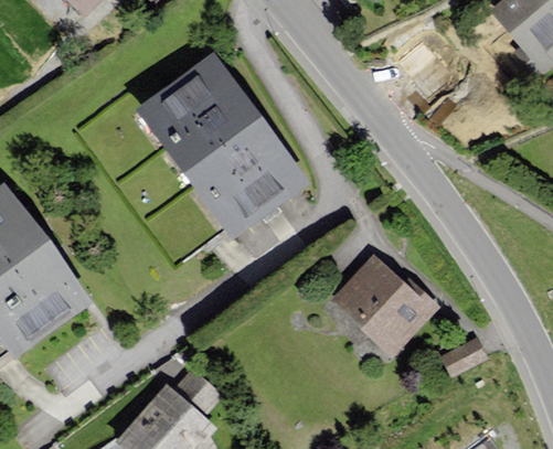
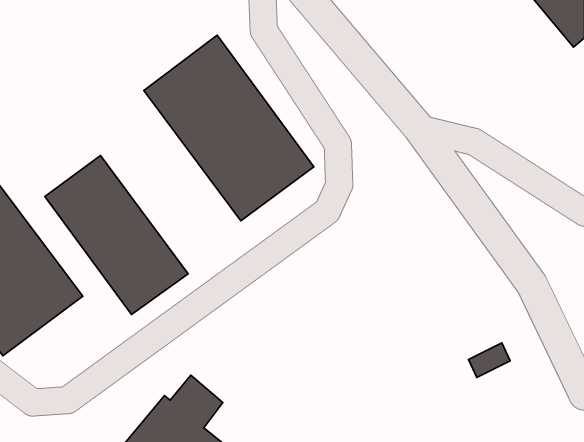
building: none -> [45,155,188,314]
building: [336,256,433,350] -> none

